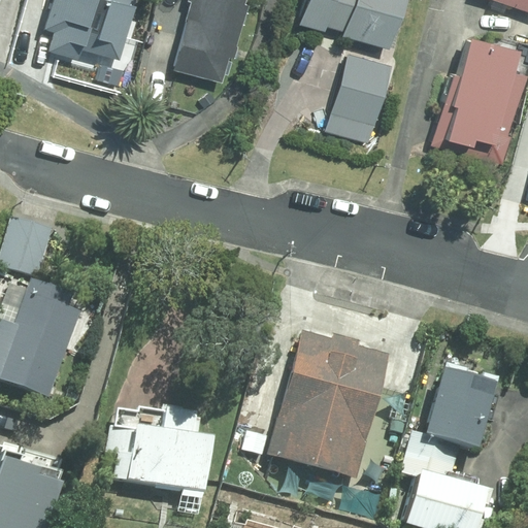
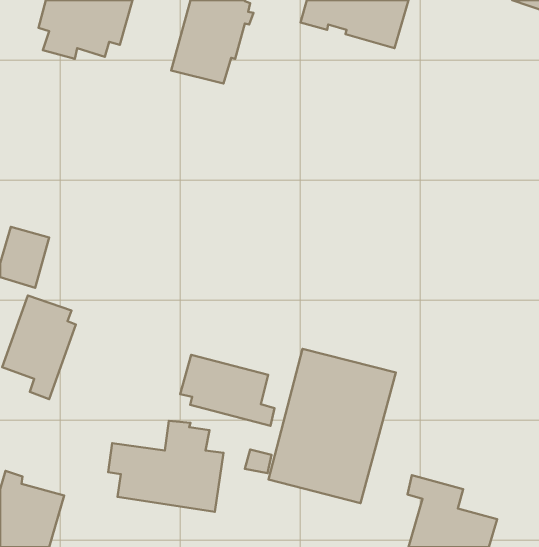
building: [431,33,522,163] -> none
building: [327,52,392,141] -> none
building: none -> [180,355,275,426]
building: [404,371,492,471] -> none

